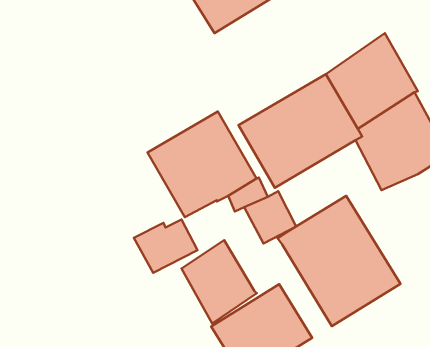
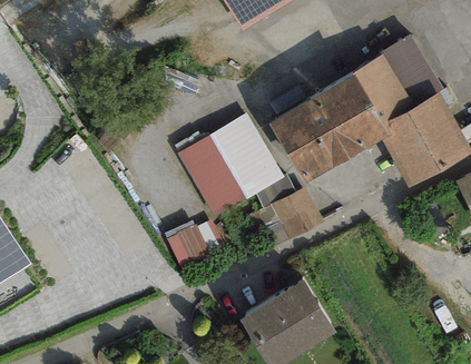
building: [278,196,400,326] -> none
building: [181,240,257,324] -> none

